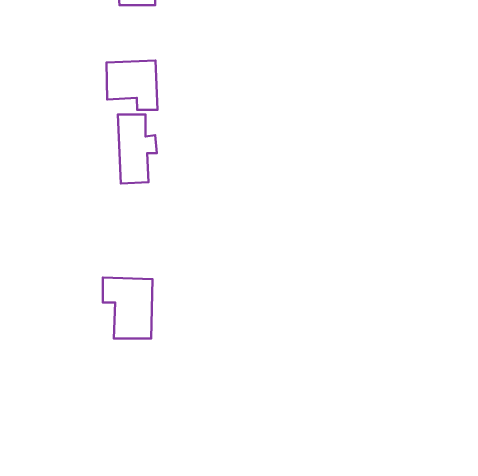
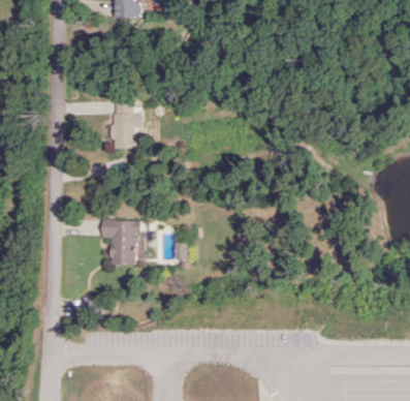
building: [107,61,158,110] -> none

